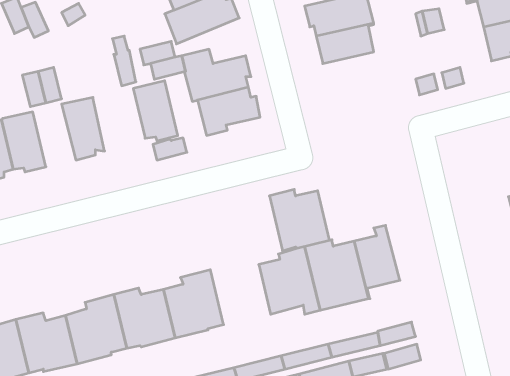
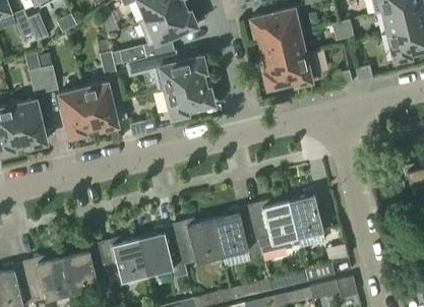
building: none -> [262,51,317,87]
building: [133,81,178,141] -> [84,82,119,129]
building: [269,189,330,251] -> [176,218,223,265]

